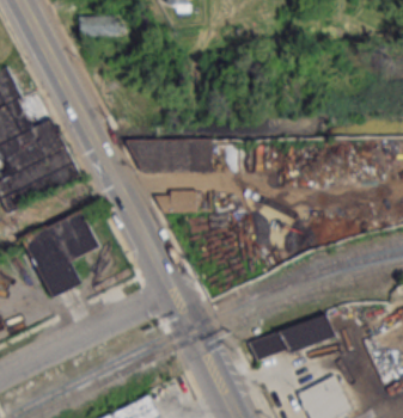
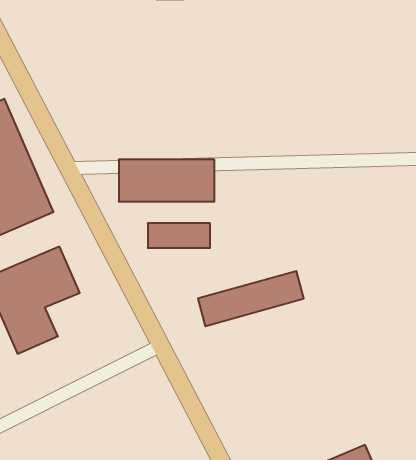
building: [78,16,120,37] -> none
building: [249,315,336,361] -> [198,271,304,326]

